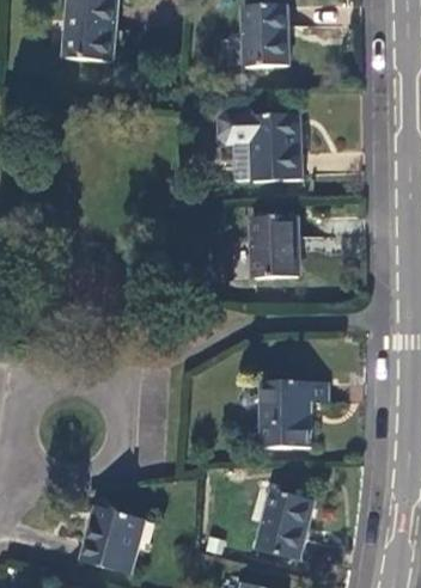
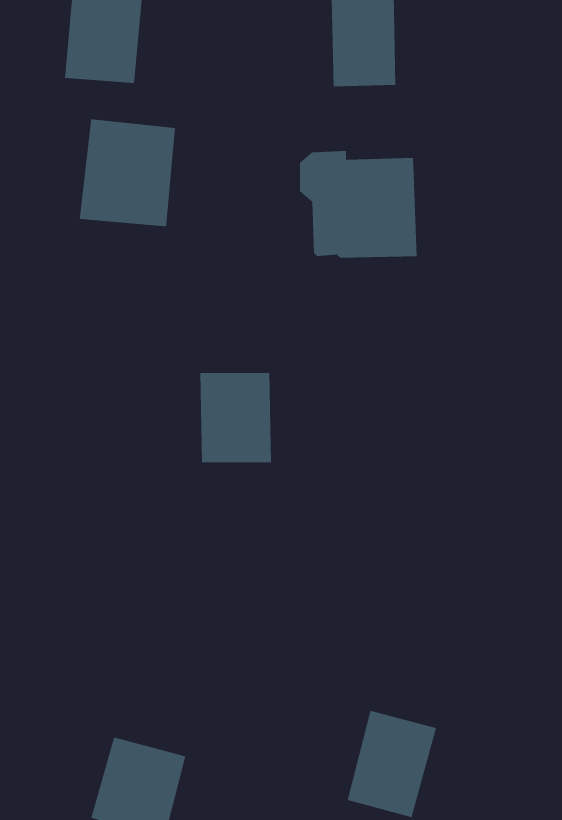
building: none -> [79,119,176,227]
building: [252,215,301,276] -> [199,373,272,463]
building: [262,380,324,446] -> none

